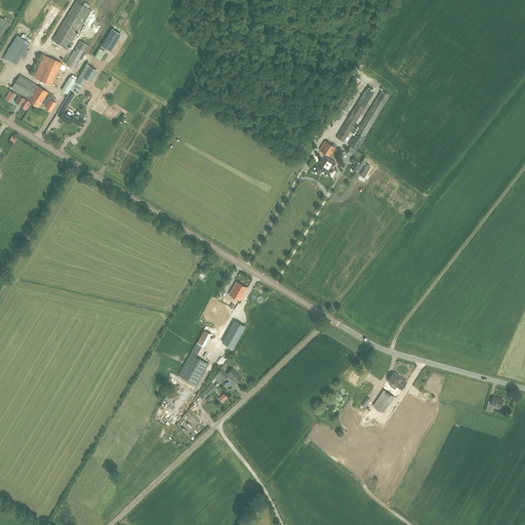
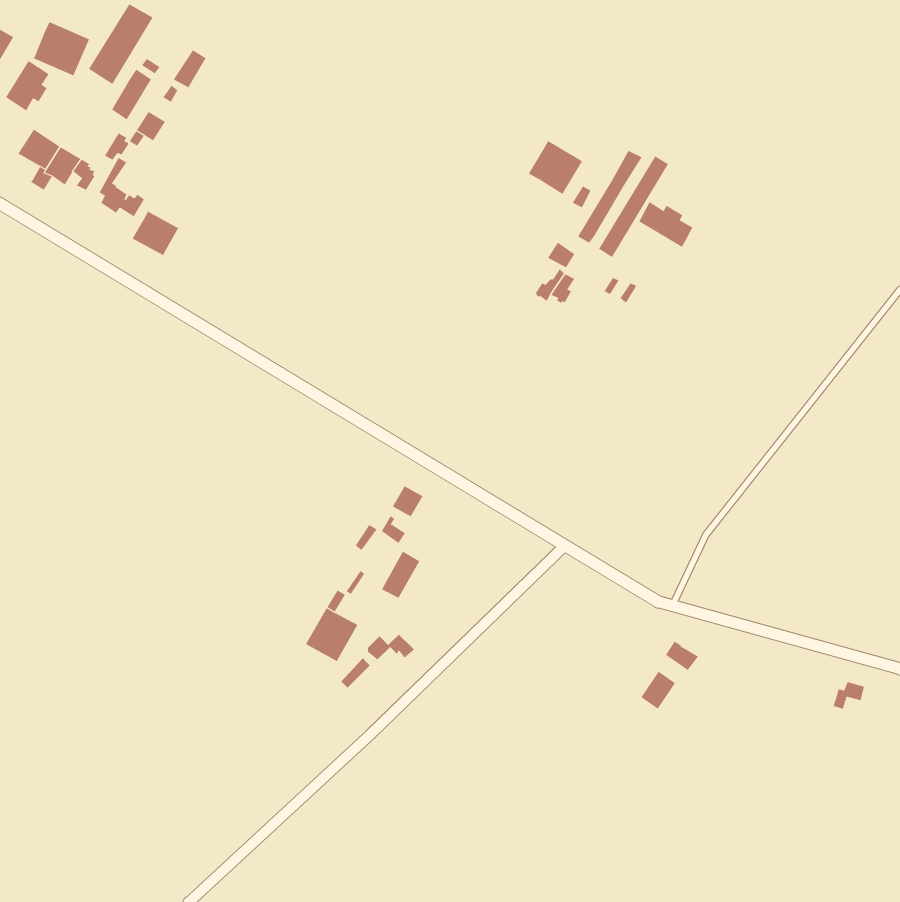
building: [33,56,66,88] -> [33,22,90,76]
building: none -> [528,140,583,195]
building: none -> [638,201,693,248]
building: none -> [132,211,179,256]

